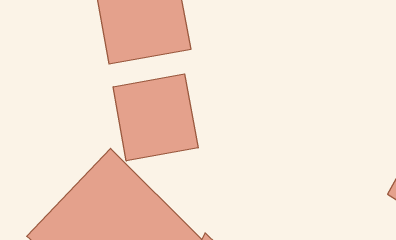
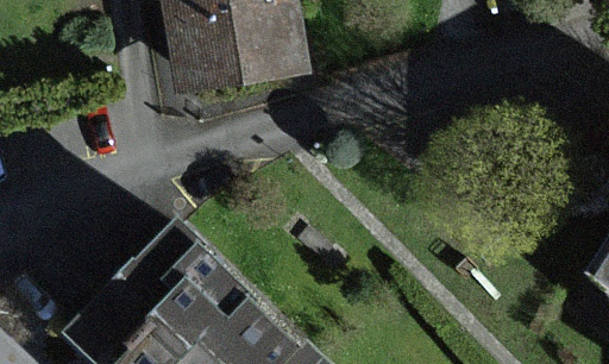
building: [113,74,198,161] -> none

